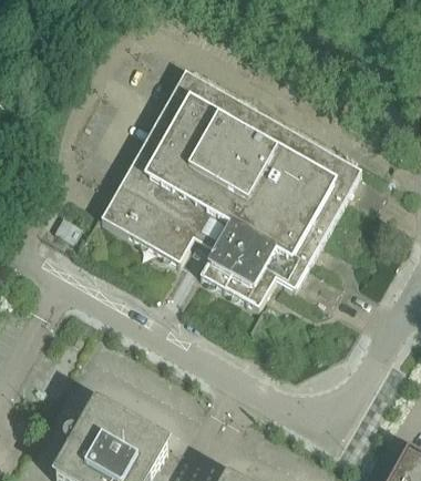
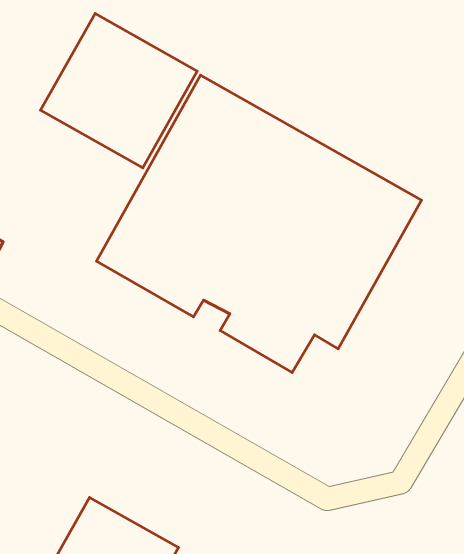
building: none -> [41,13,197,168]

